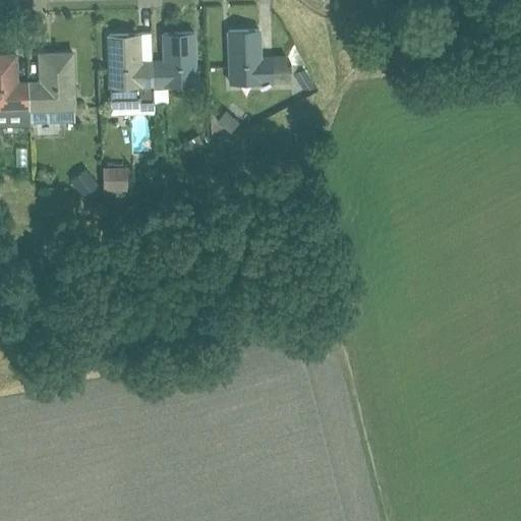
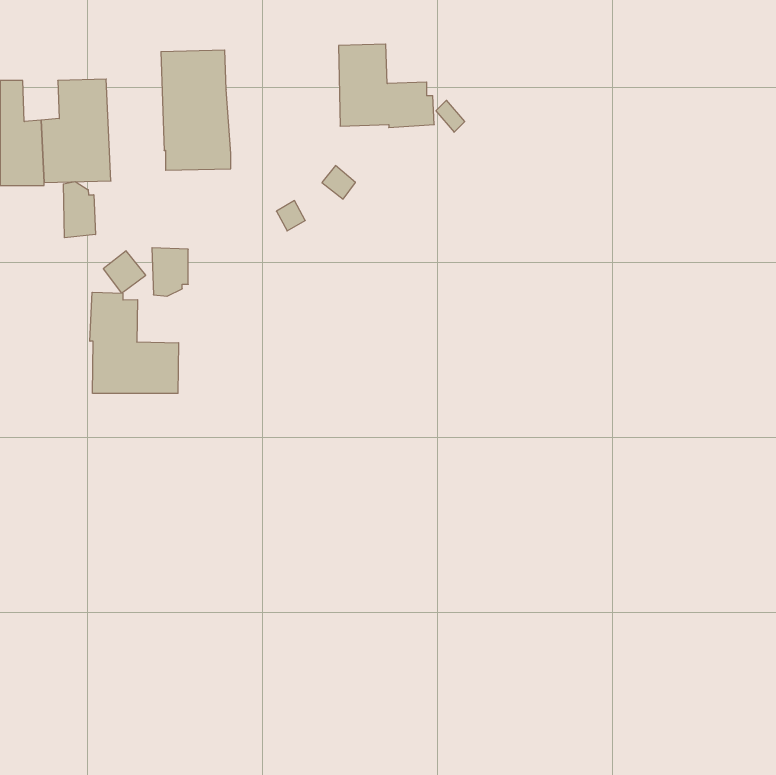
building: [152,33,194,104] -> none
building: none -> [63,182,95,238]
building: none -> [90,292,179,393]

